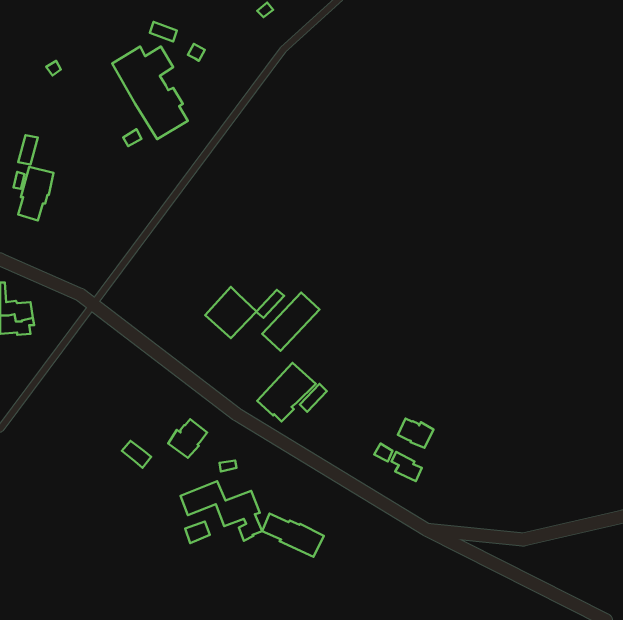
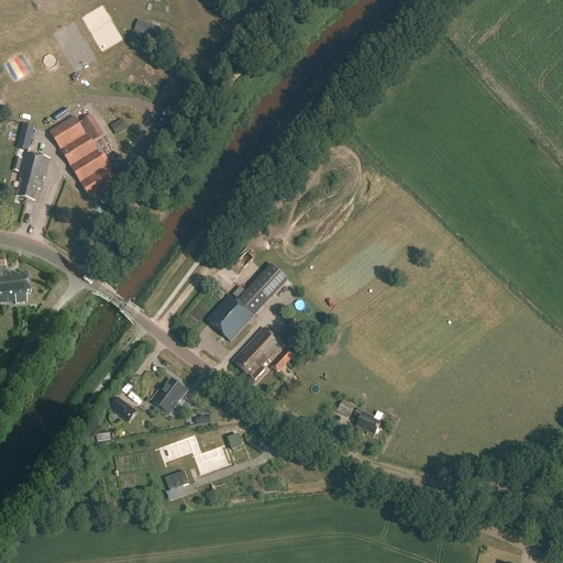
building: [112,46,188,139] -> [49,114,118,198]
building: [205,287,256,338] -> [207,295,253,341]
building: [398,418,433,448] -> none
building: [262,514,324,557] -> none

